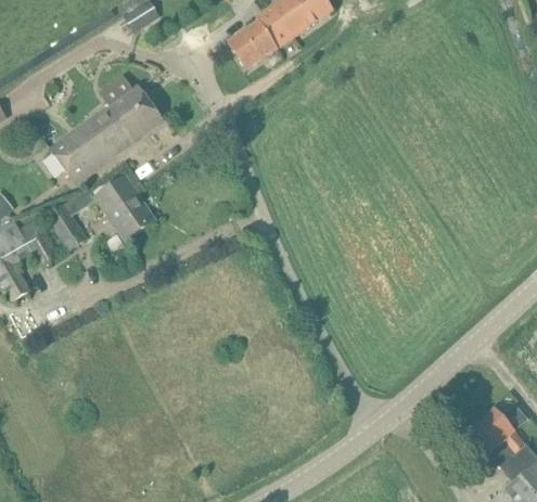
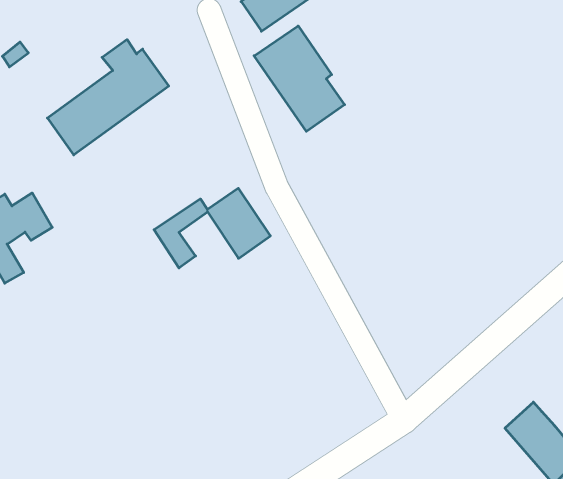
building: none -> [254,26,345,131]
building: [48,176,154,248] -> [154,188,270,268]

